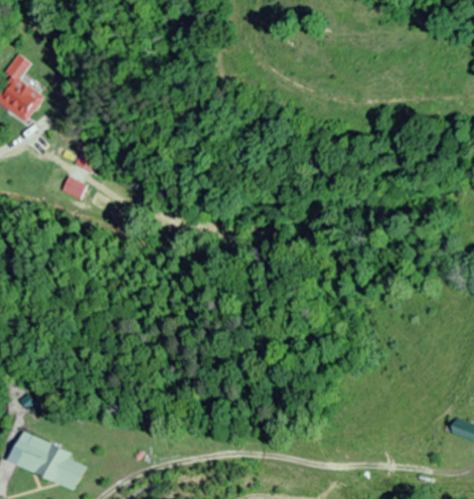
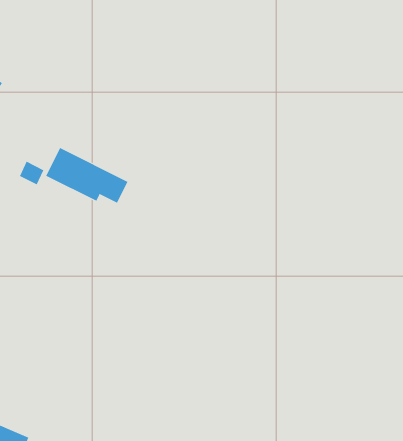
building: none -> [46,147,128,204]

